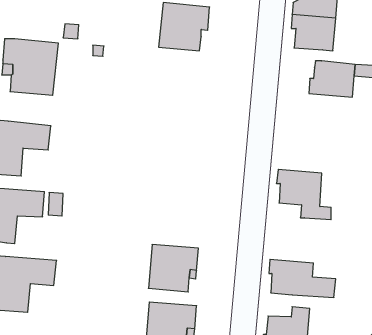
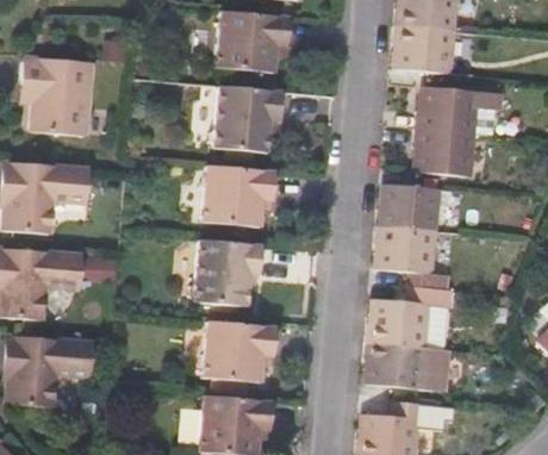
building: none -> [210,86,281,154]
building: none -> [413,127,472,175]
building: none -> [208,166,274,226]
building: none -> [376,183,437,230]
building: none -> [191,238,262,307]
building: none -> [366,287,452,348]

